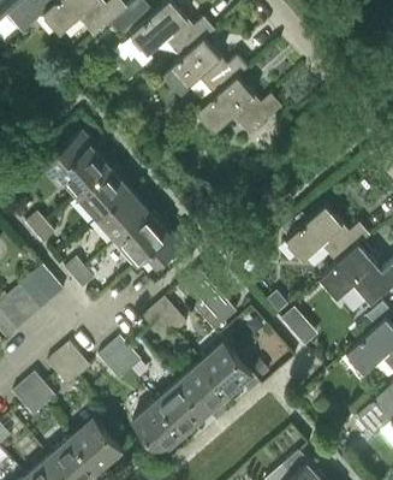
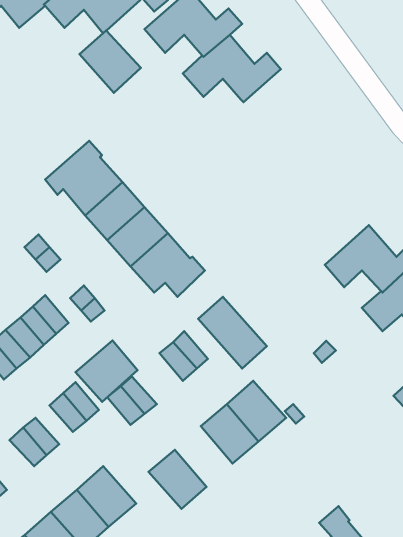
building: none -> [80,31,141,93]
building: [197,78,281,135] -> none
building: none -> [75,341,138,402]
building: [156,381,207,434] -> none

